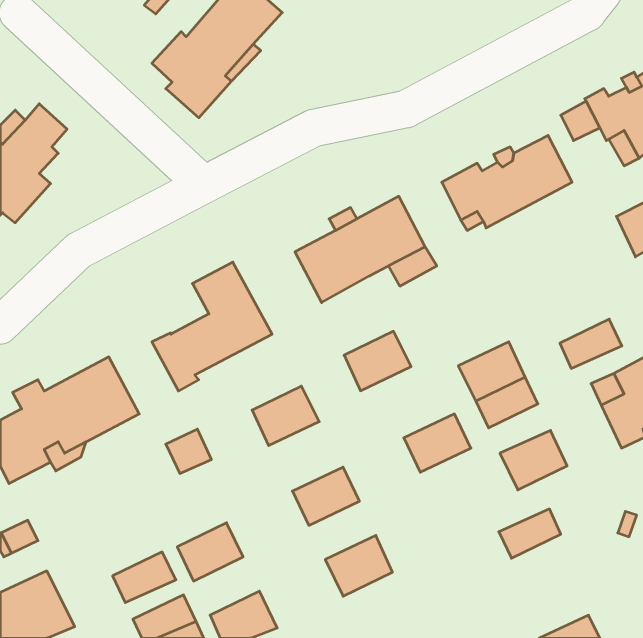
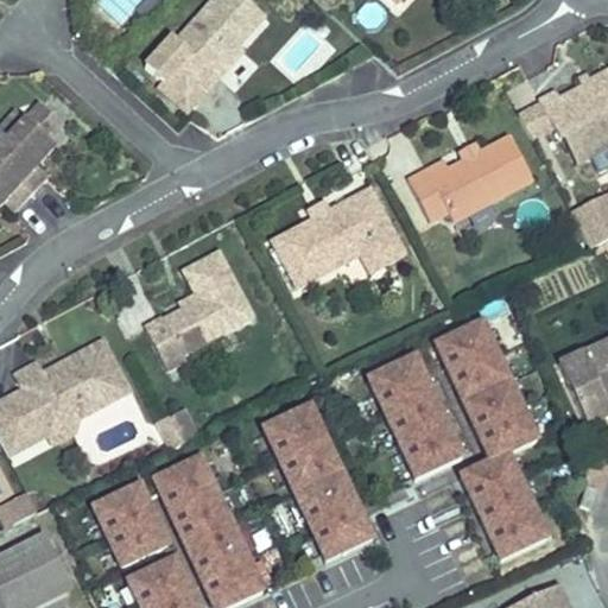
building: [560,319,622,368] -> [462,379,520,425]
building: [344,331,411,391] -> [367,355,430,411]
building: [252,386,319,446] -> [262,405,325,461]
building: none -> [398,420,461,476]
building: none -> [460,451,519,499]
building: none -> [153,457,216,513]
building: none -> [293,470,356,525]
building: none -> [93,484,156,540]
building: none -> [483,501,546,558]
building: none -> [185,522,247,577]

